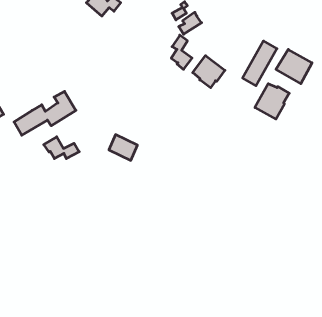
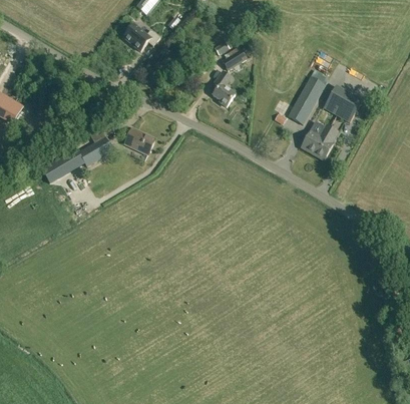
building: [193,56,225,88] -> none
building: [109,135,137,160] -> [125,127,155,154]
building: [44,137,79,159] -> none

